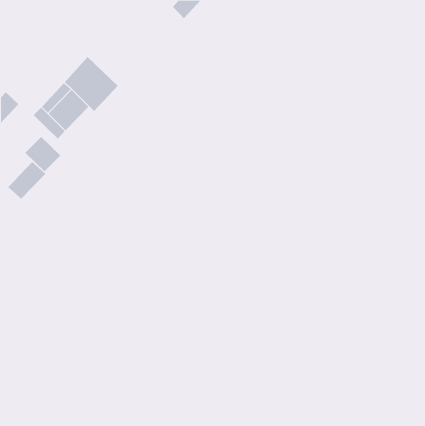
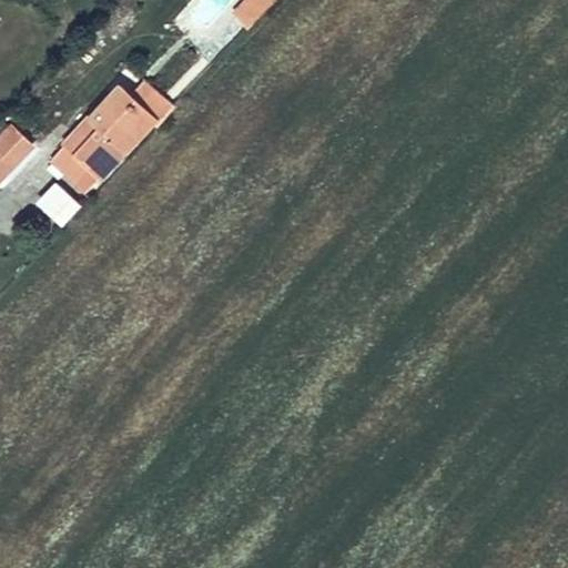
building: [7,161,46,200] -> none

